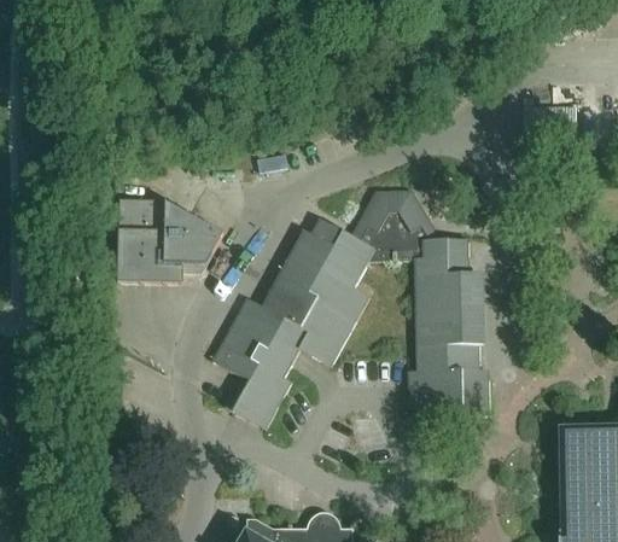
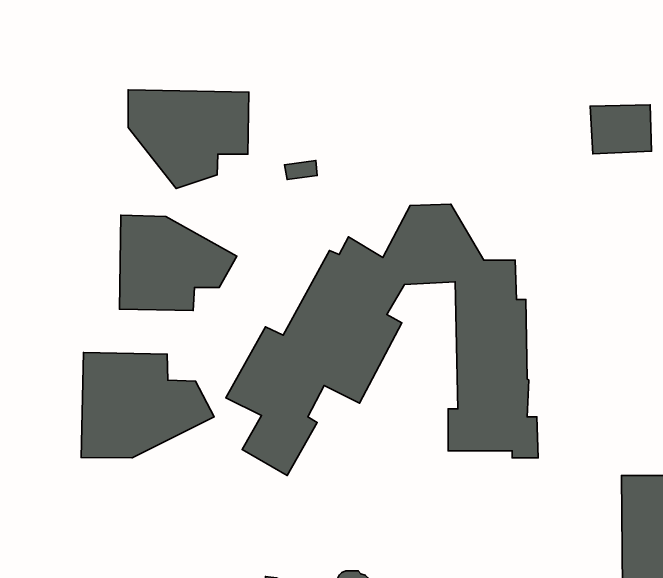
building: none -> [128,90,249,188]
building: none -> [81,353,214,458]

